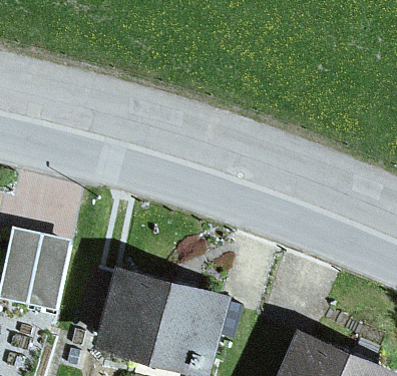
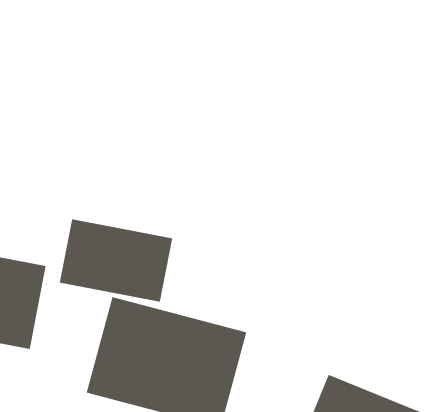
building: none -> [59,218,173,302]

